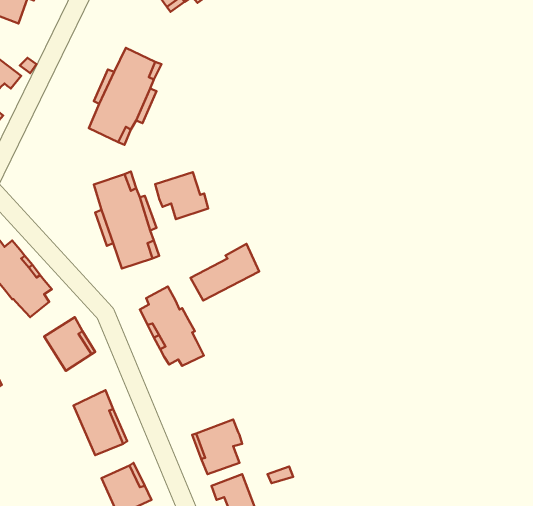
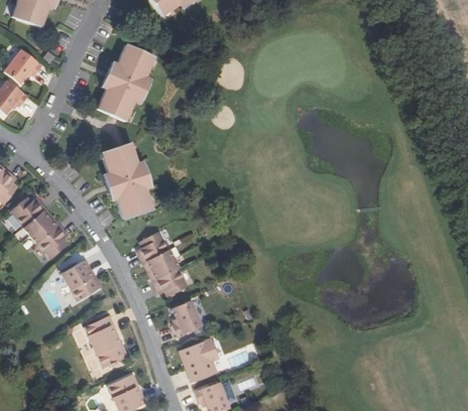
building: [155,172,208,219] -> none
building: [191,244,259,300] -> none
building: none -> [172,302,202,337]

